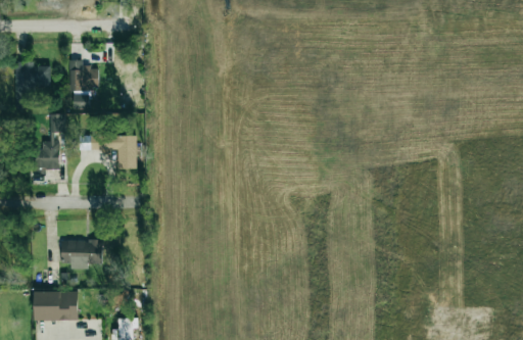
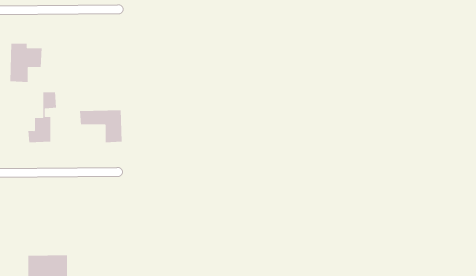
building: [68,60,98,90] -> none
building: [60,240,102,270] -> none

